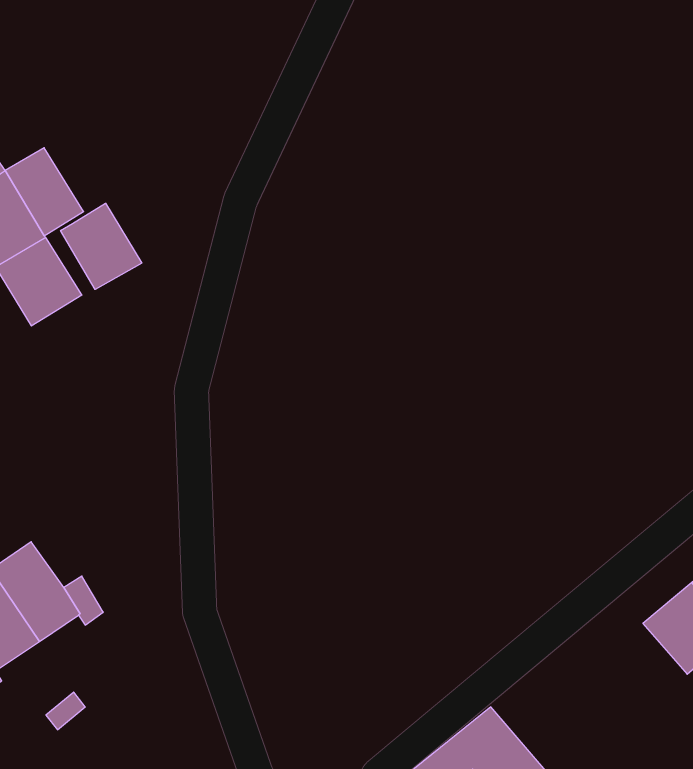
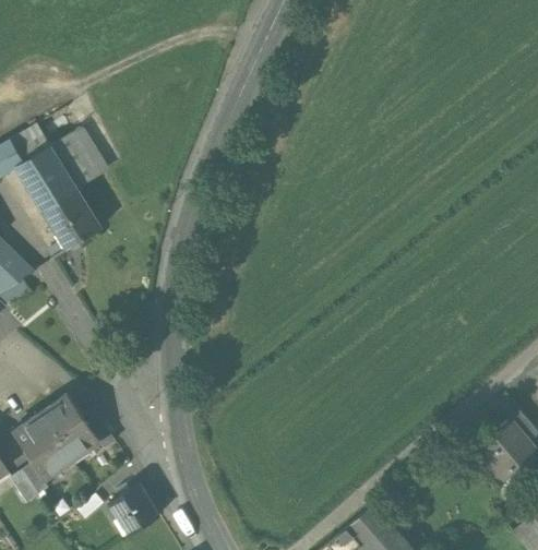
building: [61,203,142,289] -> none
building: none -> [108,482,159,535]

